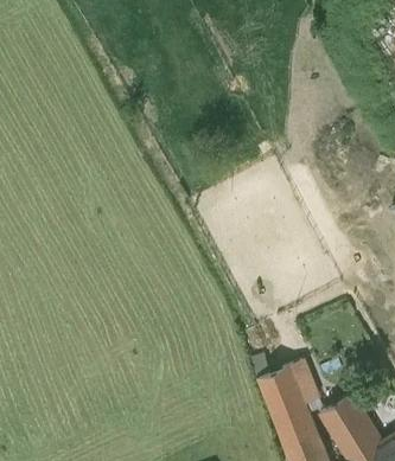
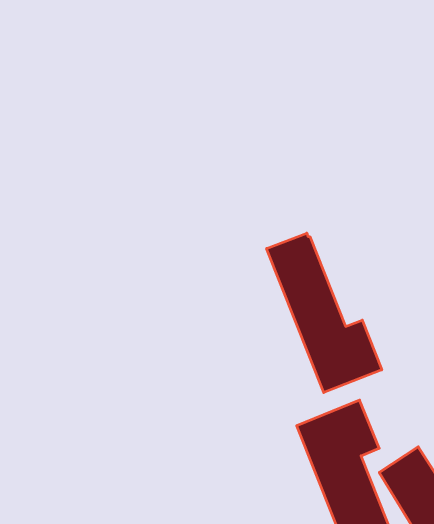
building: none -> [267,233,382,393]

